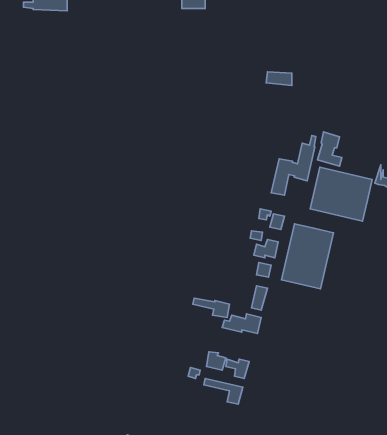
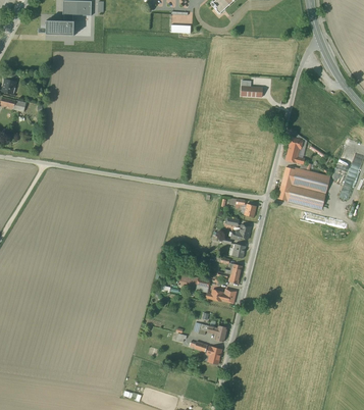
building: [271,135,316,195] -> none
building: [281,224,334,289] -> none

